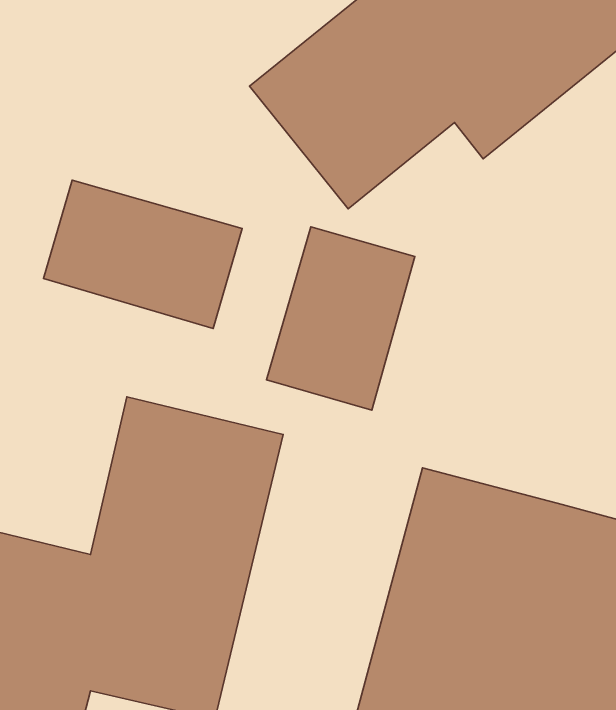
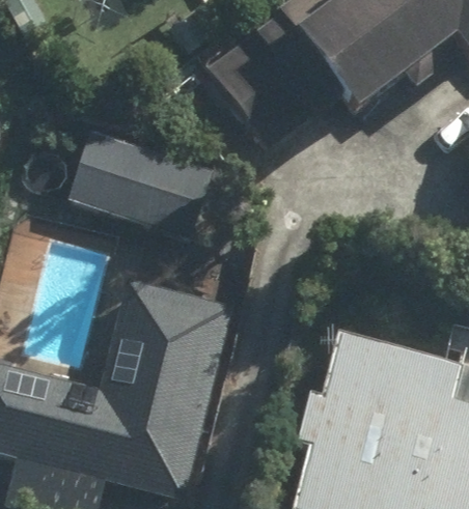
building: [267,227,415,410] -> none

